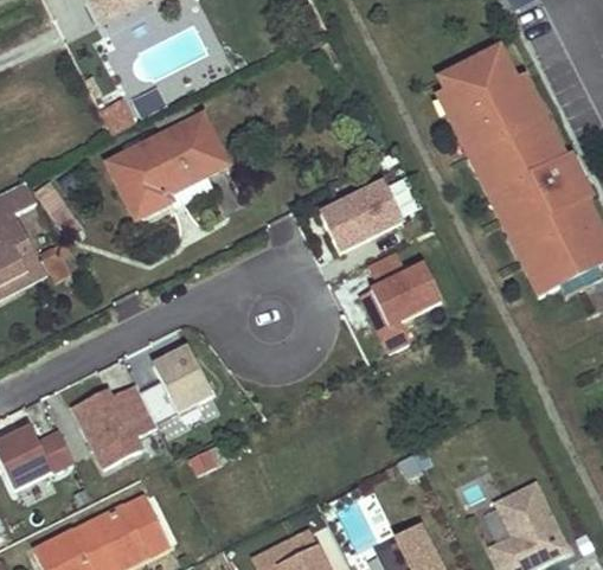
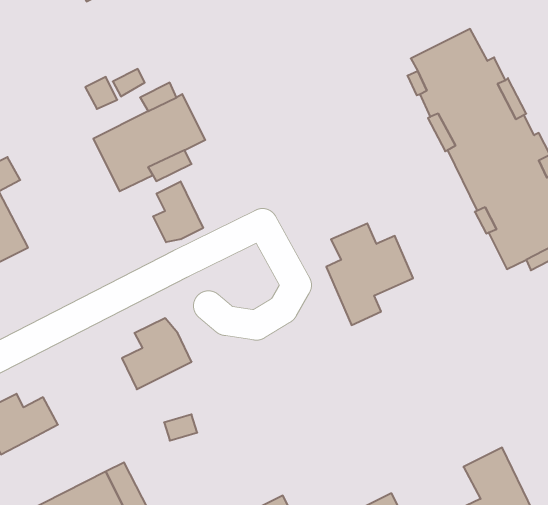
building: [320,179,403,249] -> none
building: none -> [153,181,203,242]
building: [72,382,158,466] -> none

